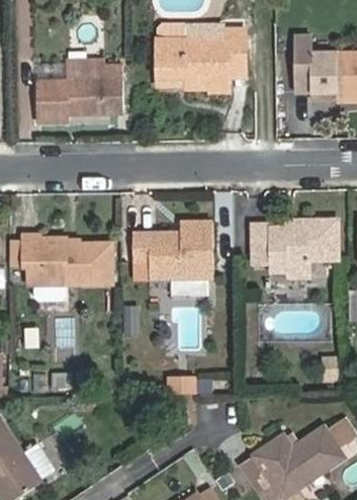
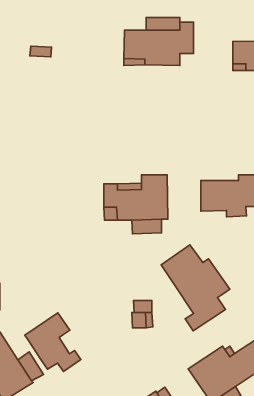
building: [36,65,123,121] -> none
building: [23,237,112,284] -> none
building: none -> [161,245,230,331]
building: none -> [25,313,81,372]

